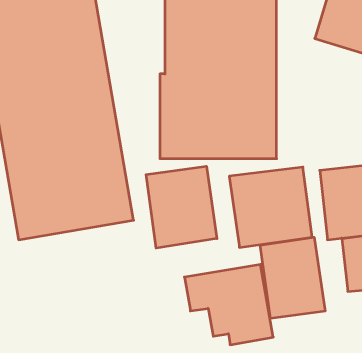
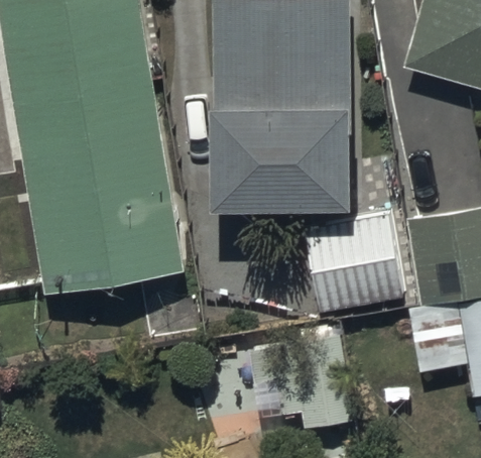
building: [146,166,217,248] -> none
building: [260,237,325,318] -> none

